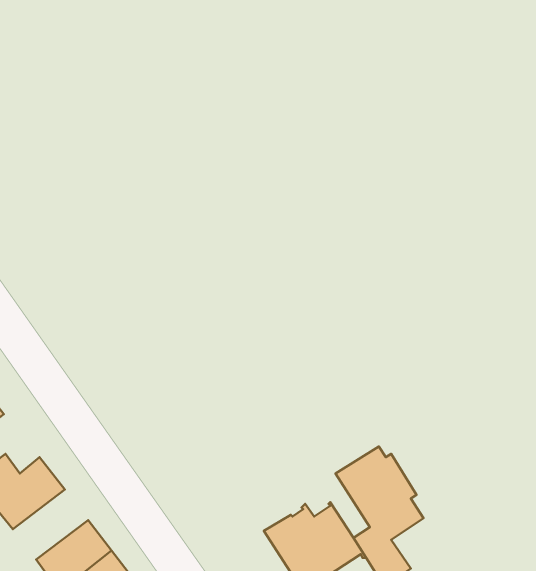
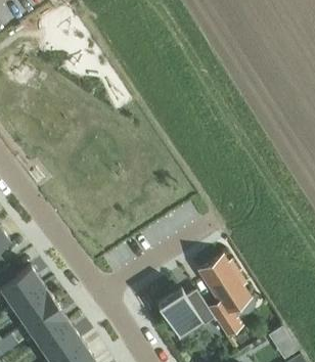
building: none -> [14,281,57,321]

